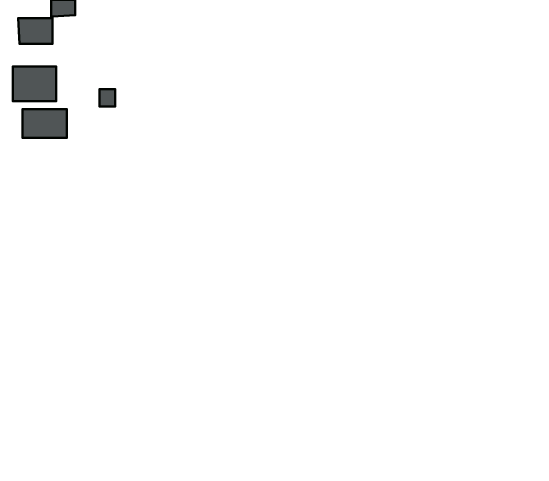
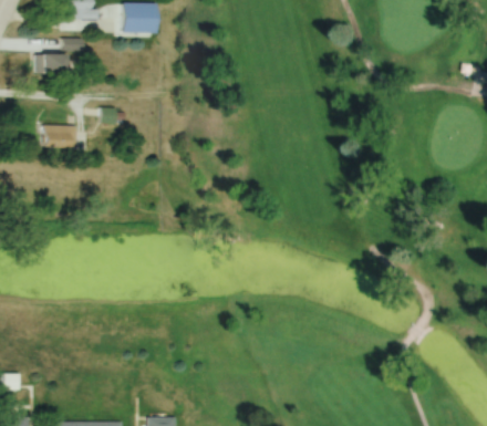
building: [13,67,56,101] -> none

